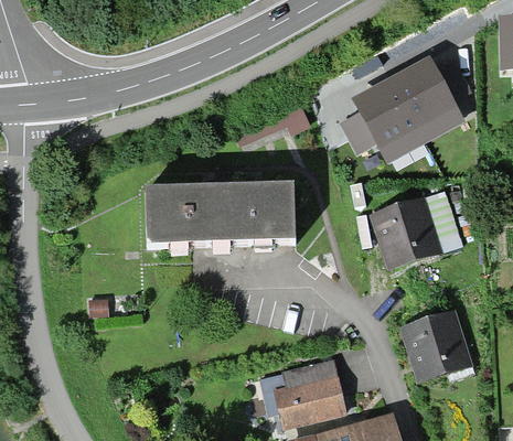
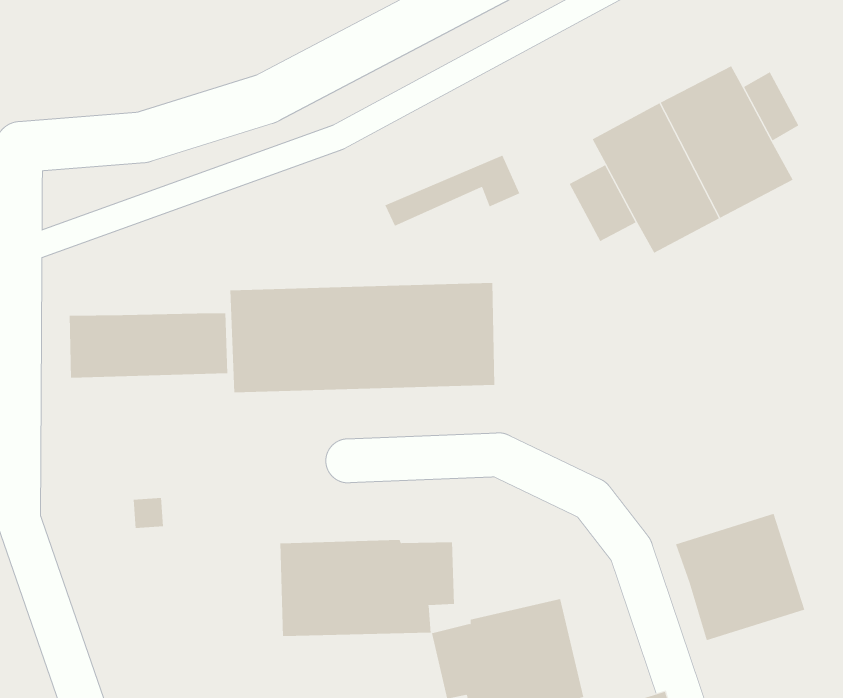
building: [372,192,463,271] -> none
building: none -> [69,313,228,378]
building: none -> [280,539,454,637]

